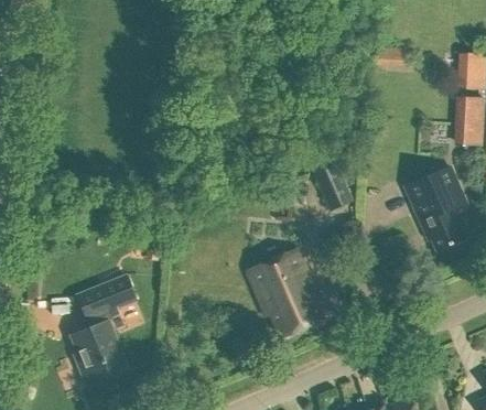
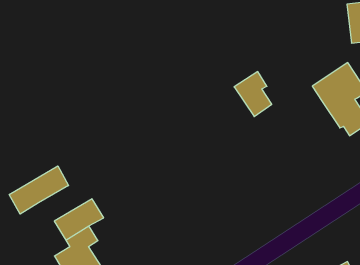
building: none -> [9,166,69,214]
building: [246,249,325,337] -> none

